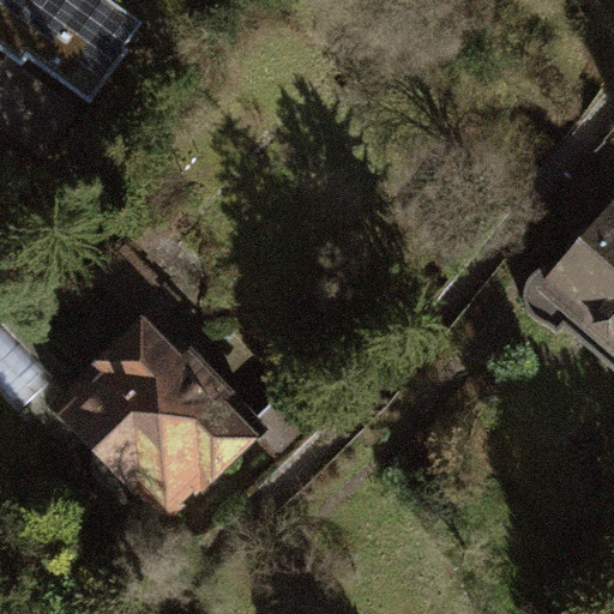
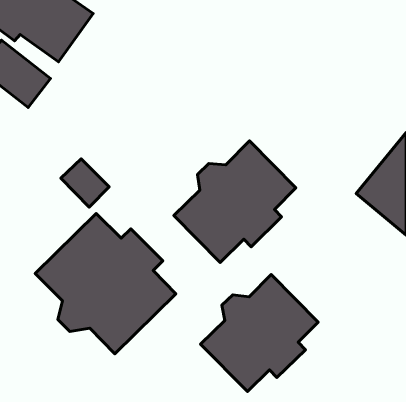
building: none -> [174,141,296,262]
building: none -> [201,275,318,392]

